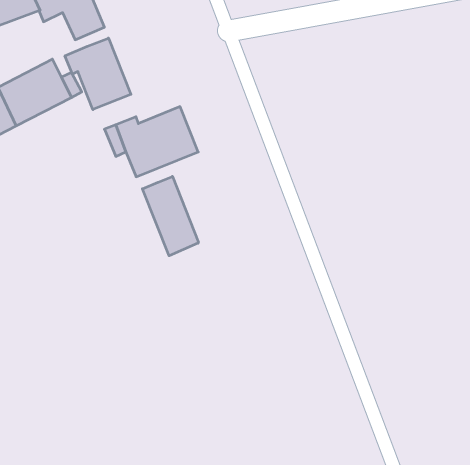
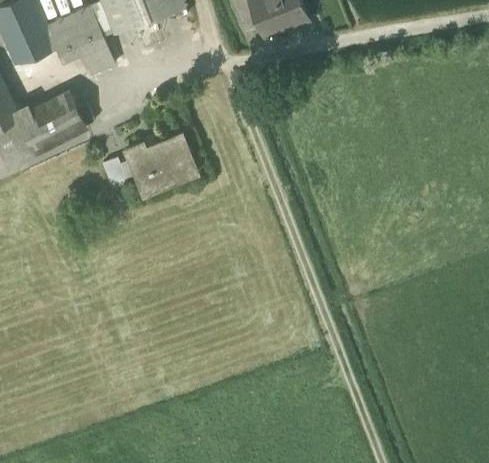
building: [65,38,131,110] -> none
building: [142,176,198,256] -> none

